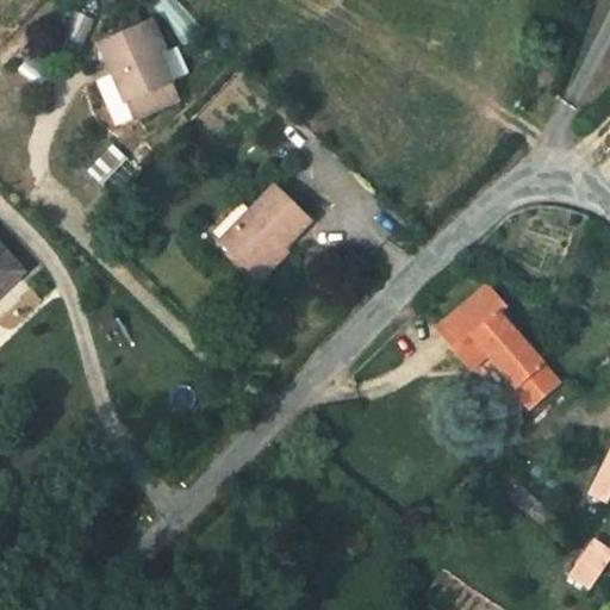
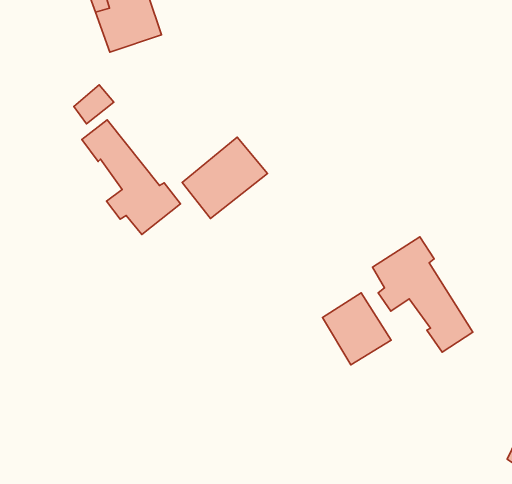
building: none -> [82,120,181,234]
building: none -> [322,293,391,365]

